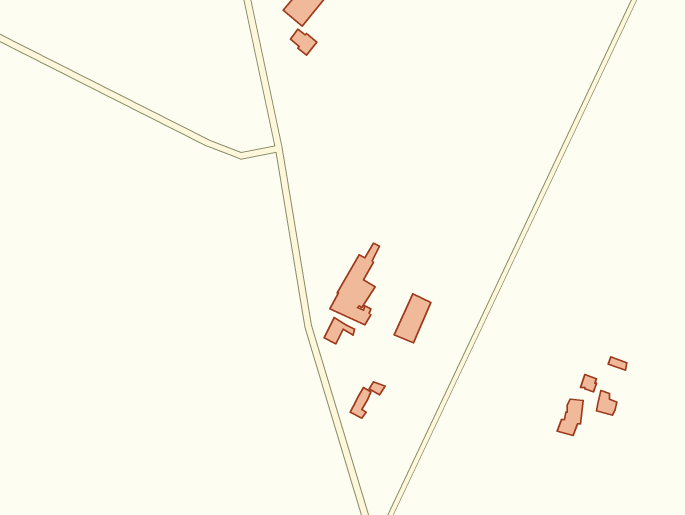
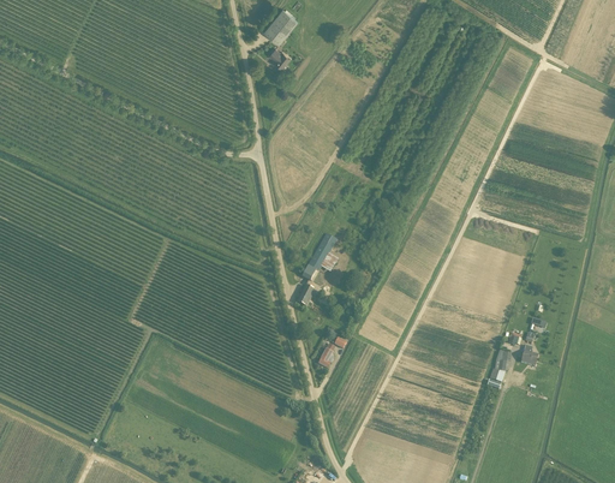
building: [394,294,431,343] -> none

